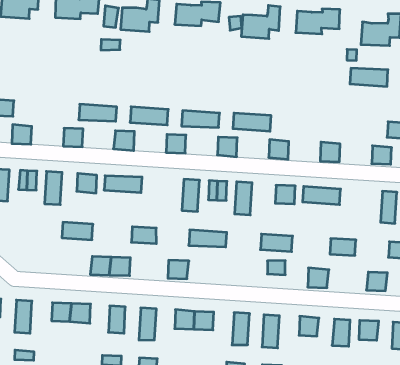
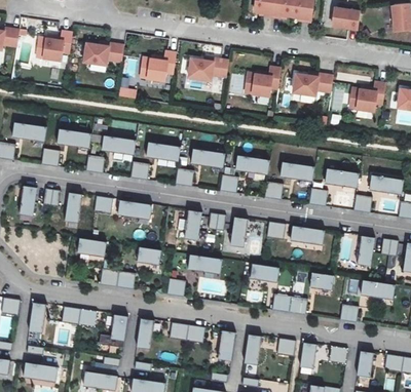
building: [350,68,388,86] -> [322,169,356,188]
building: none -> [57,130,90,149]
building: none -> [277,162,311,181]

